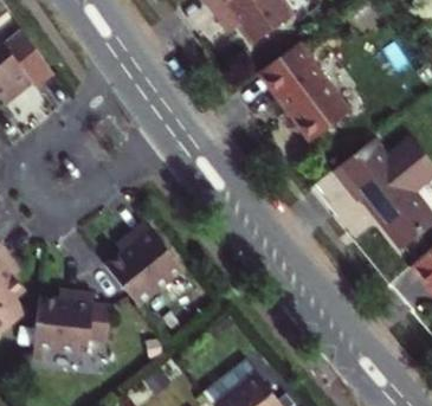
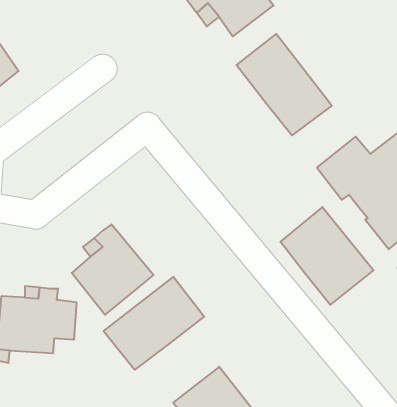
building: none -> [280,207,374,305]
building: none -> [104,277,204,370]

